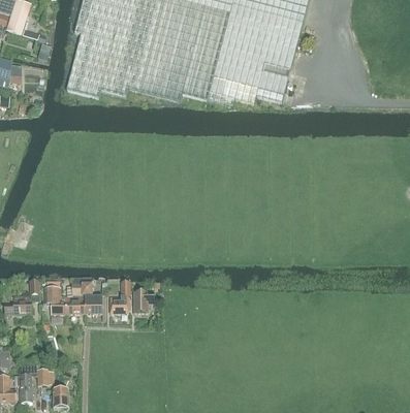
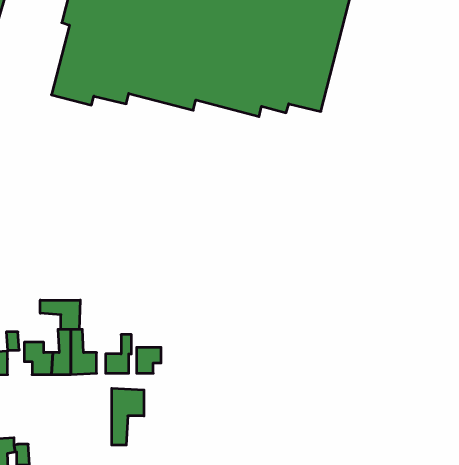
building: none -> [40,300,80,329]
building: none -> [112,388,144,445]

